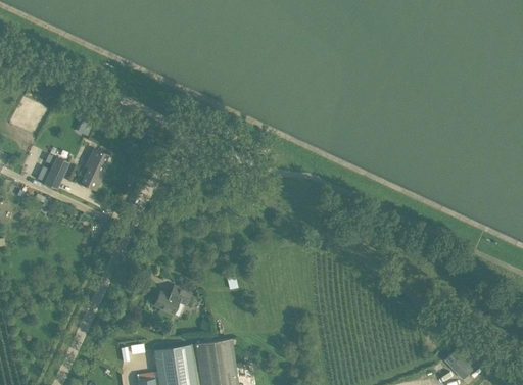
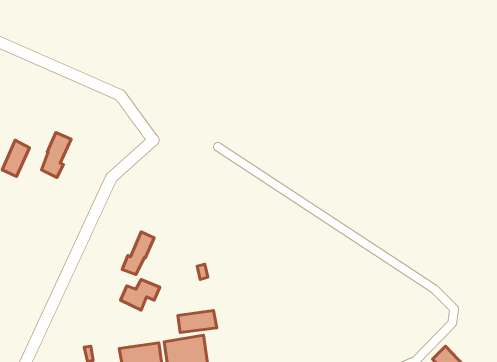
building: none -> [122,232,154,275]
building: none -> [178,310,217,332]

